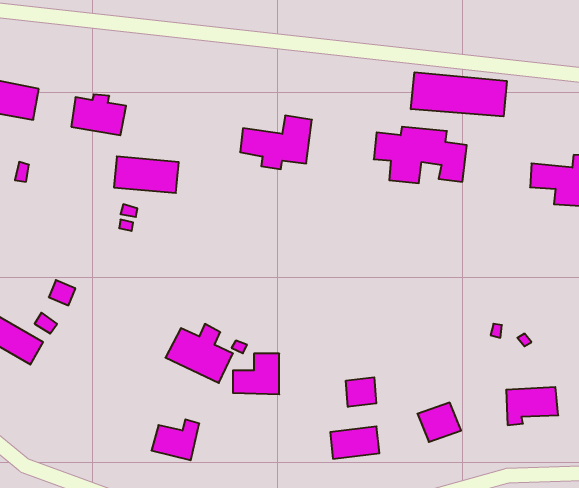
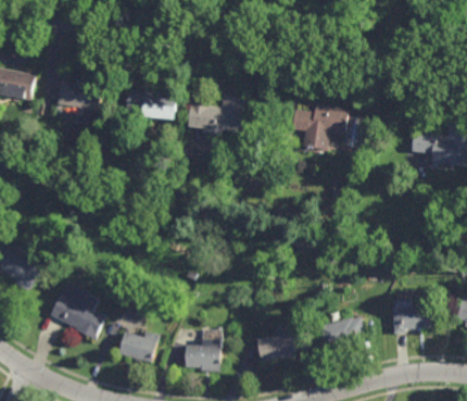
building: [411,72,507,116] -> none
building: [114,156,179,193] -> [126,90,176,118]
building: [165,324,233,383] -> [52,293,104,339]
building: [233,354,279,394] -> [185,335,220,366]
building: [346,377,376,407] -> none

